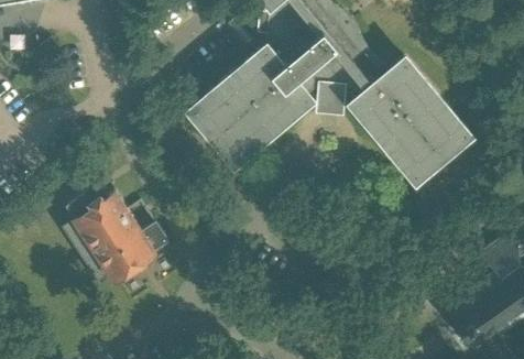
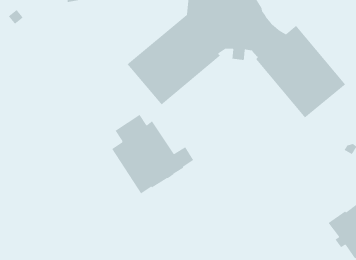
building: [62,185,166,286] -> [111,114,194,194]

